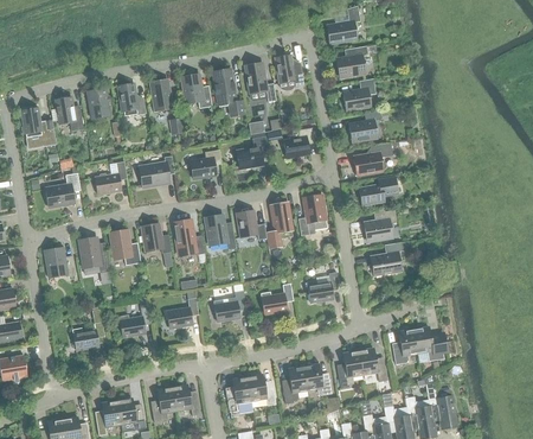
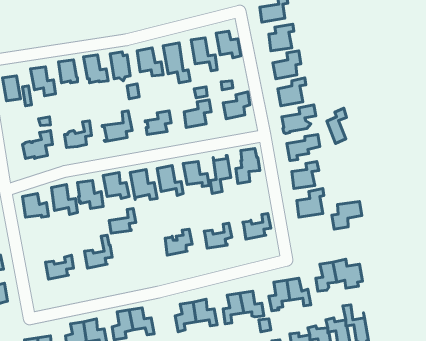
building: none -> [327,108,346,143]
building: none -> [332,202,362,229]
building: [166,298,198,327] -> [109,208,136,233]

